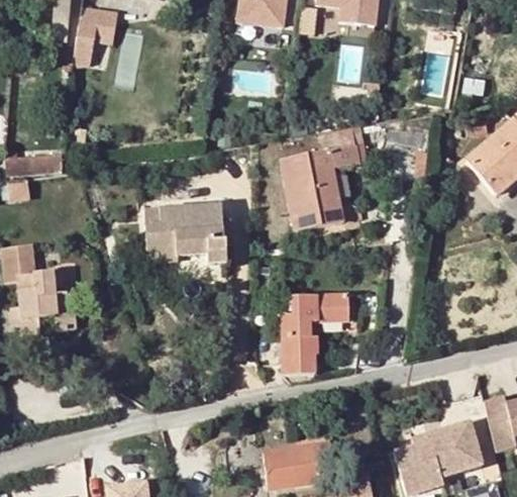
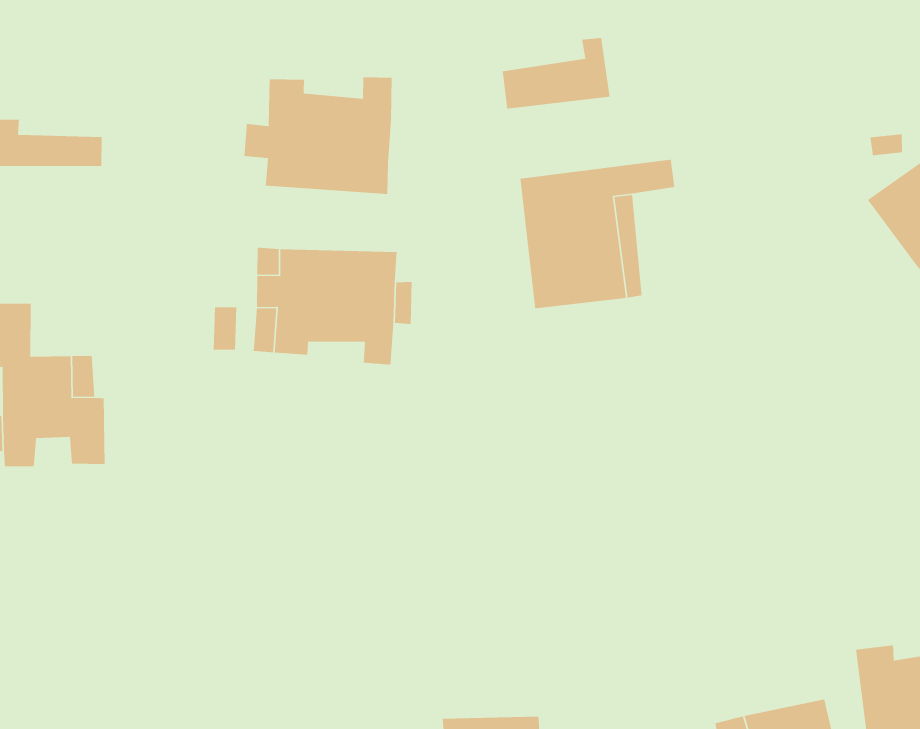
building: none -> [502,37,610,109]
building: none -> [243,76,393,195]
building: [283,294,348,373] -> none

